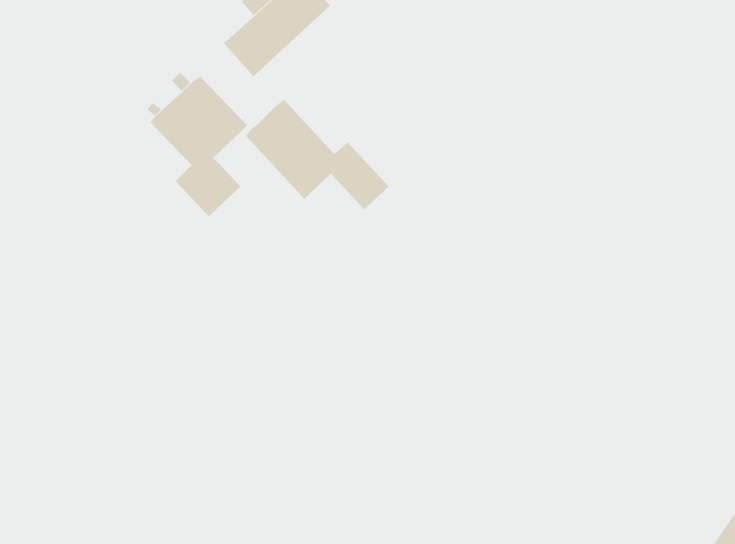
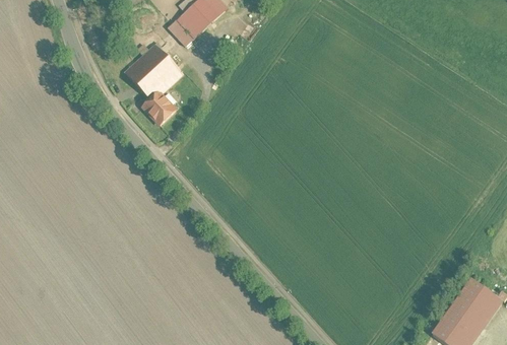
building: [245,99,389,210] -> none

